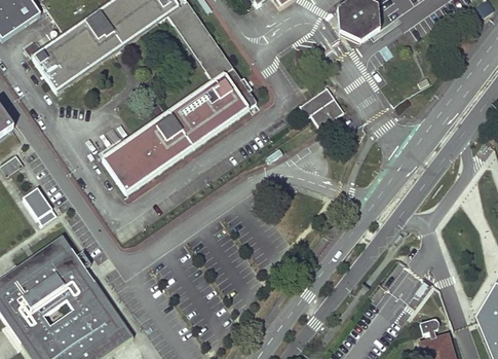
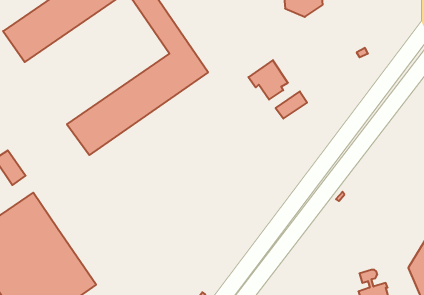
building: none -> [276,91,307,119]

